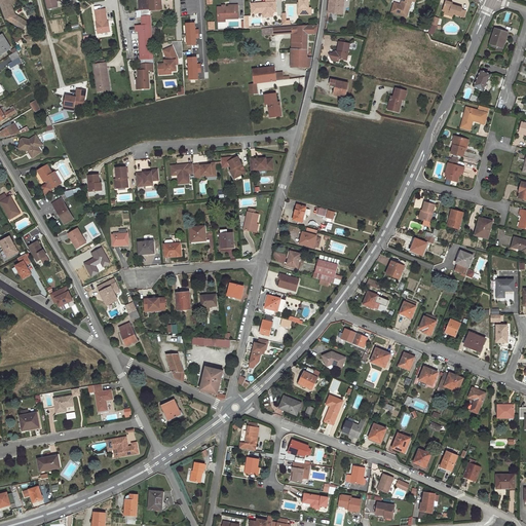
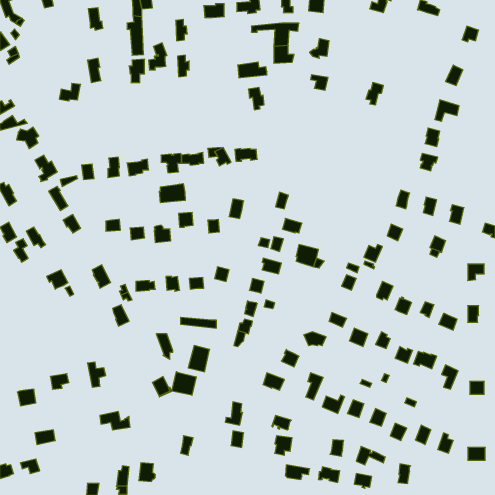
building: none -> [159,184,185,203]
building: [83,247,109,275] -> none
building: none -> [172,372,196,395]

